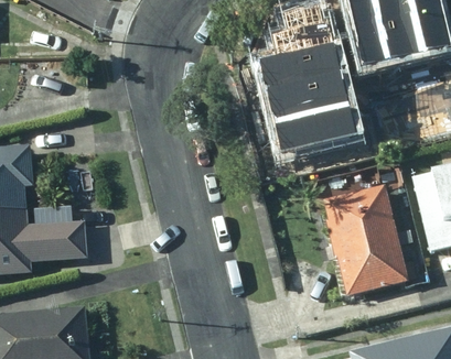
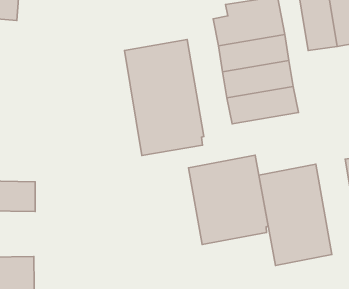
building: none -> [124,39,204,155]
building: none -> [188,155,268,245]

